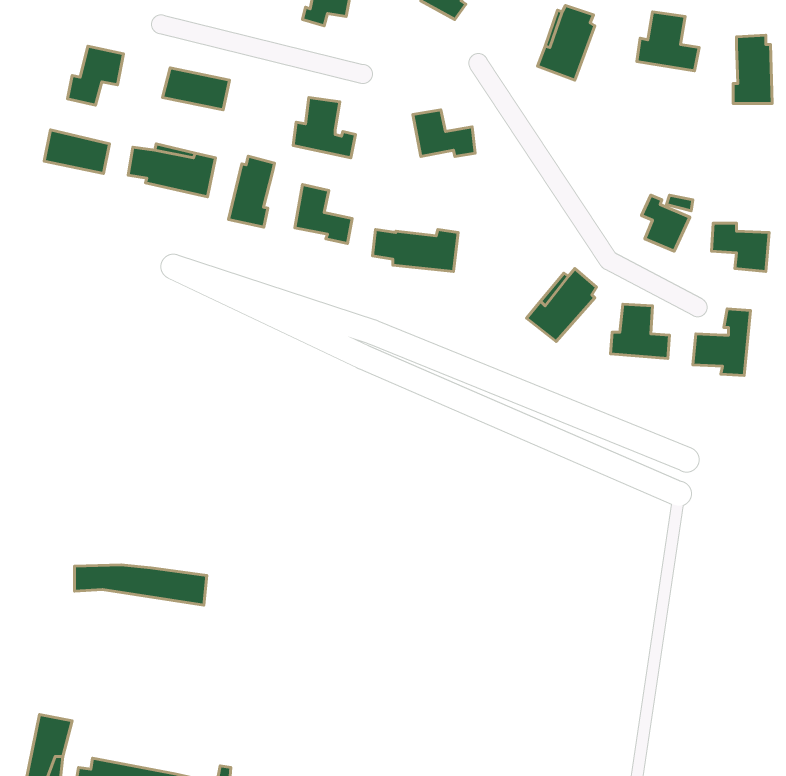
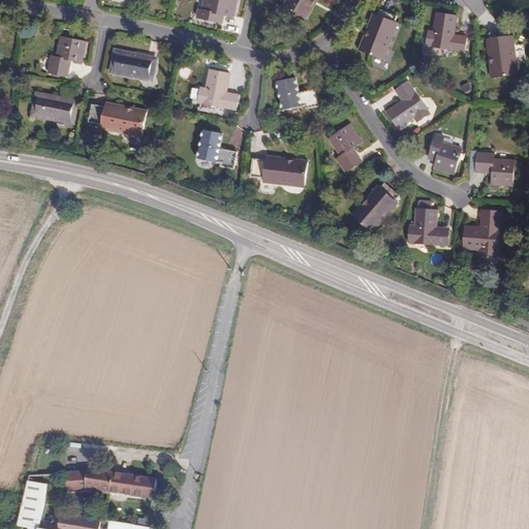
building: none -> [384,82,429,128]
building: [229,156,275,227] -> none
building: none -> [326,123,360,170]
building: [75,565,207,605] -> [70,473,158,500]

